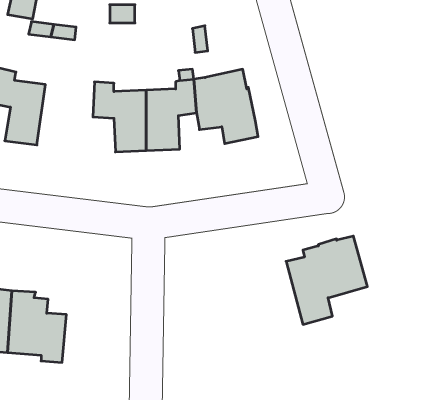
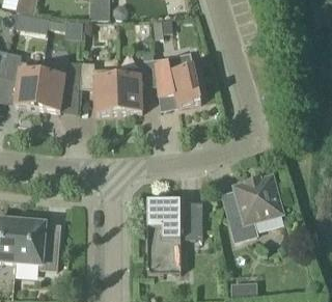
building: none -> [37,61,80,112]
building: none -> [147,202,202,273]

